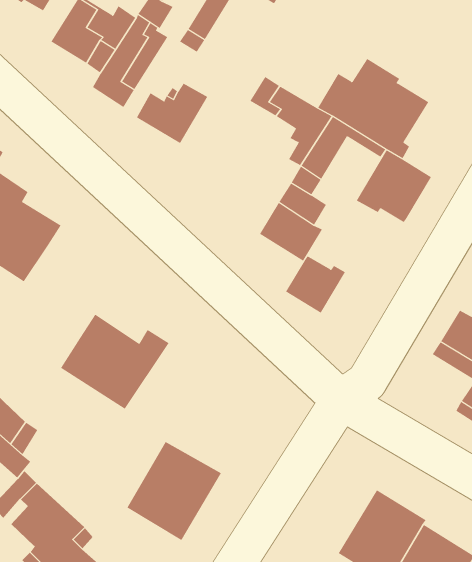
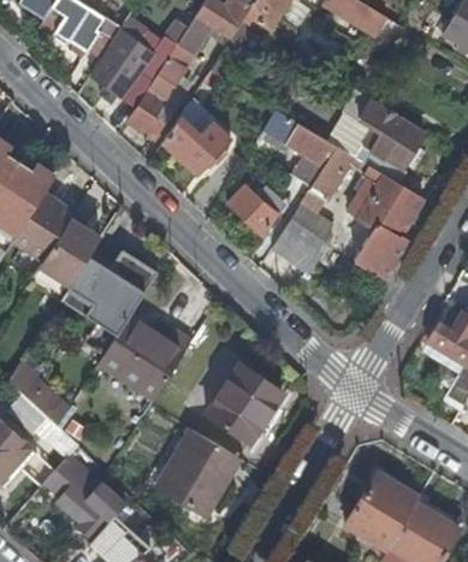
building: none -> [229,182,283,233]
building: none -> [60,256,146,337]
building: [285,255,346,314] -> [360,225,413,276]
building: none -> [214,368,286,443]

